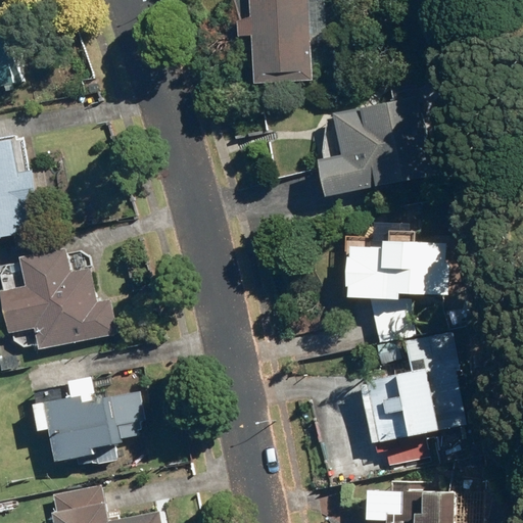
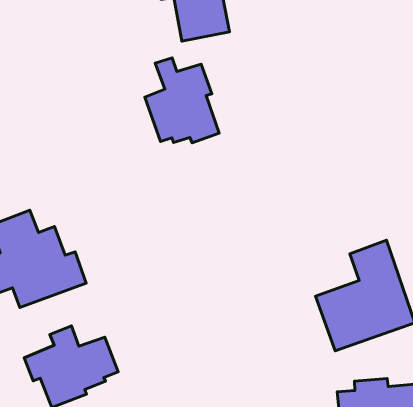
building: [319,96,429,197] -> none
building: none -> [145,58,219,143]
building: [341,204,445,299] -> none

